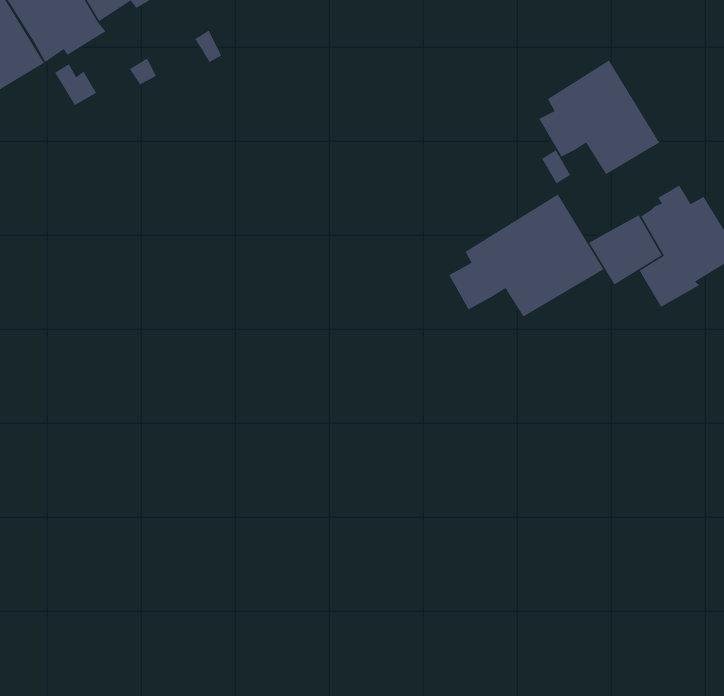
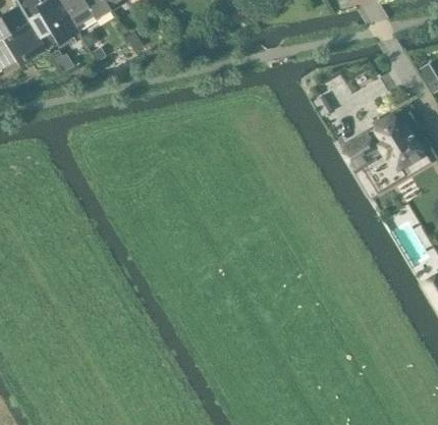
building: [538,60,660,175] -> none
building: [448,194,604,318] -> none

